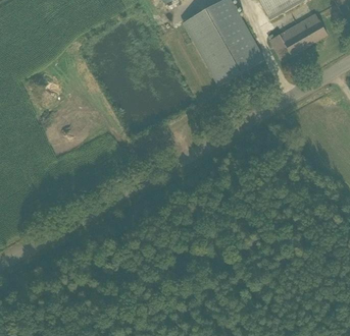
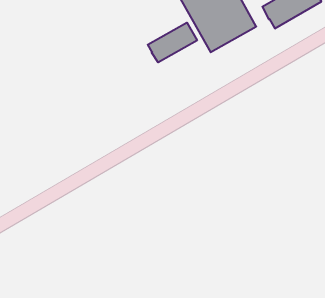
building: none -> [148,23,197,62]

